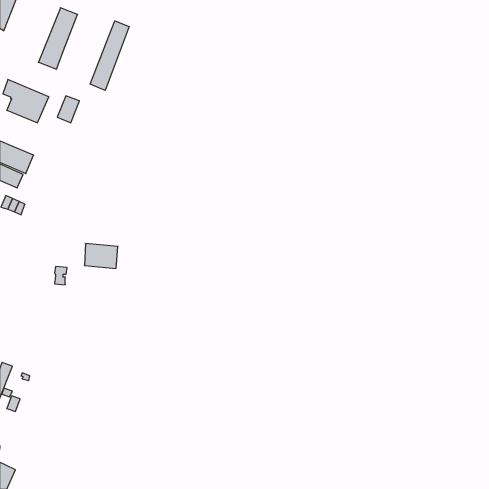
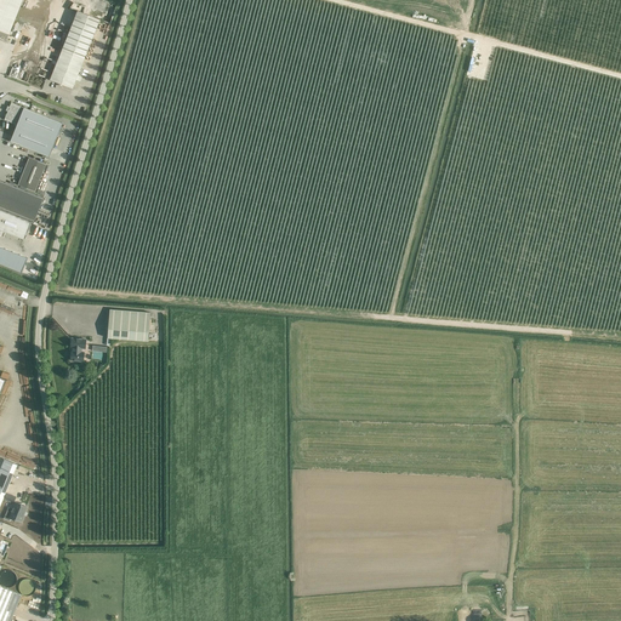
building: [90,21,129,90] -> none
building: [57,96,79,123] -> [17,156,45,190]

